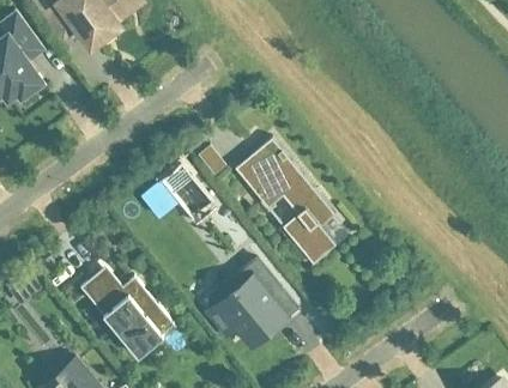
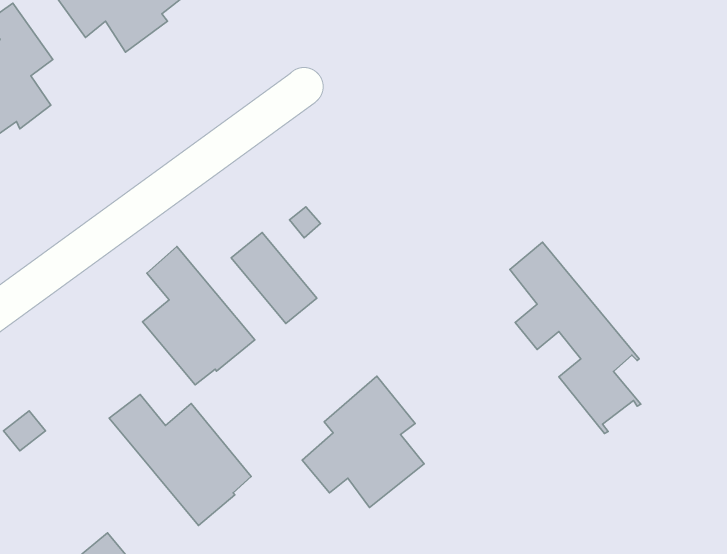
building: [250,138,337,263] -> [510,242,641,433]
building: none -> [142,246,255,385]

